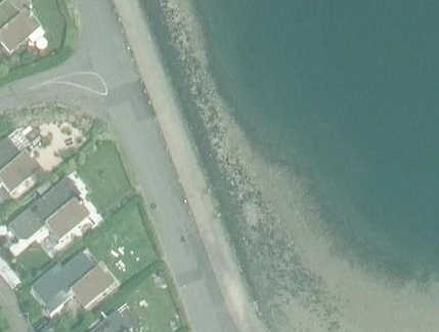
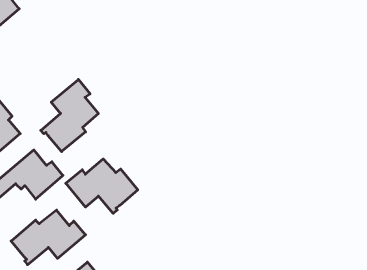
building: none -> [41,79,98,152]
building: none -> [66,159,138,213]

